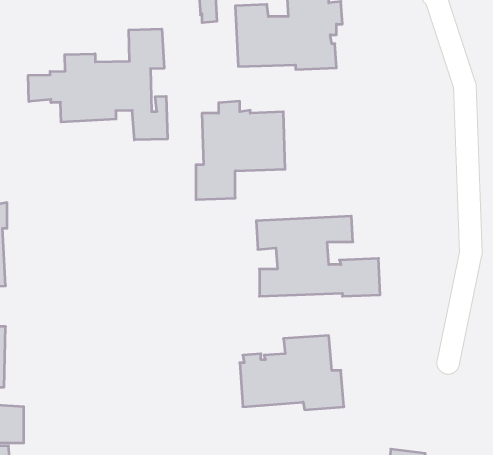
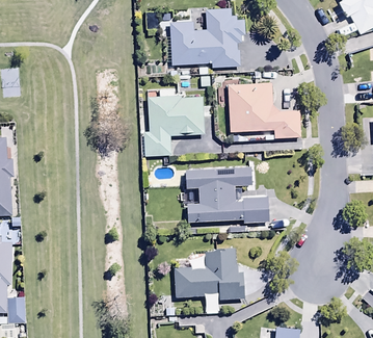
building: [28,29,167,140] -> none
building: none -> [228,83,300,139]

